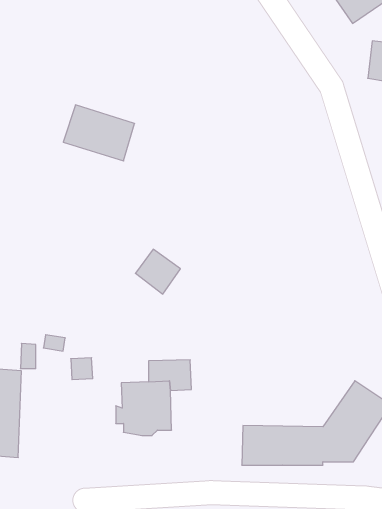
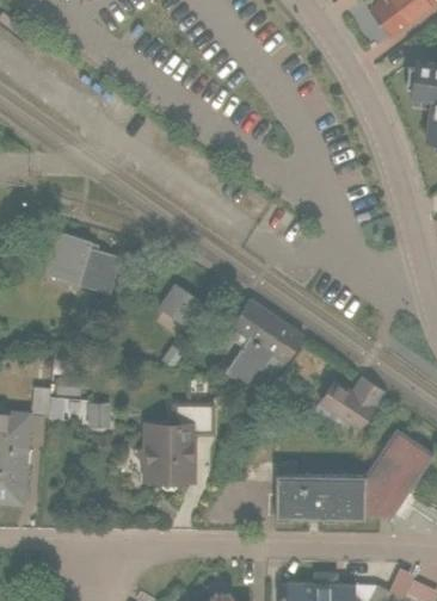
building: [63,105,135,161] -> [44,237,122,298]
building: none -> [224,302,303,382]
building: none -> [316,376,386,434]

